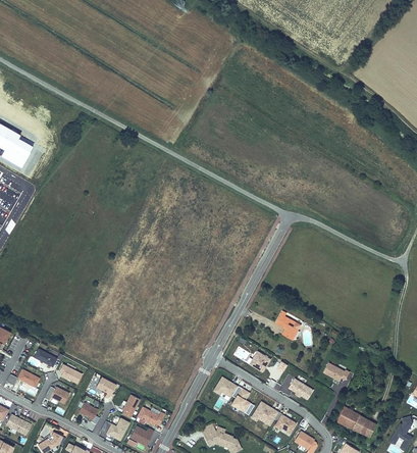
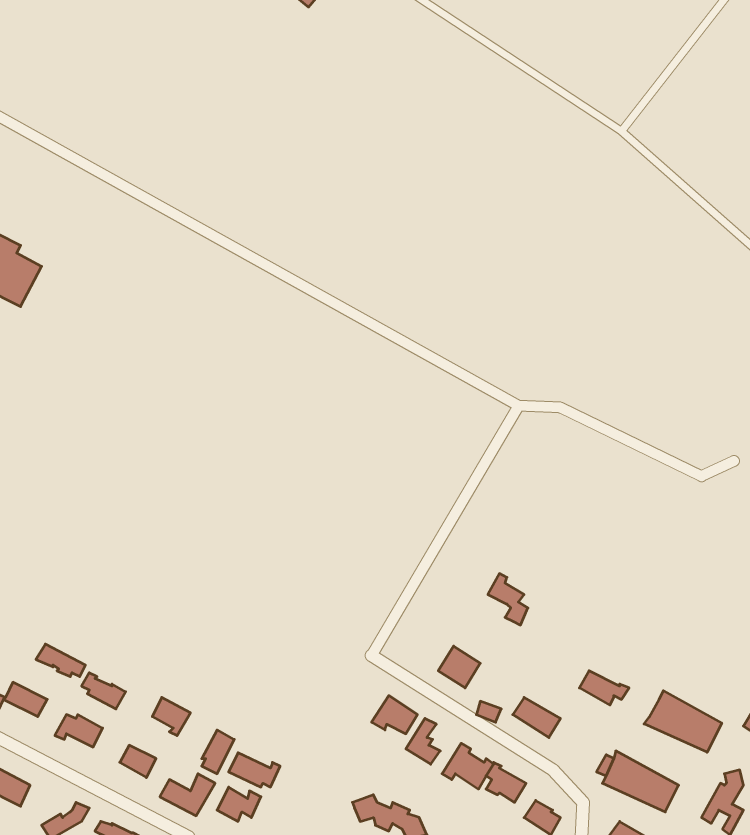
building: none -> [644,691,722,752]

